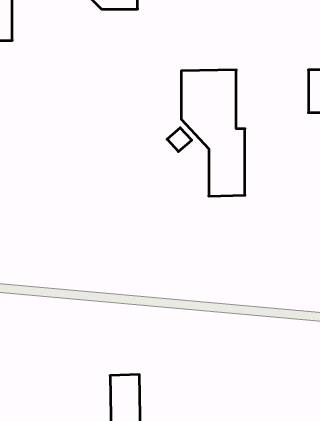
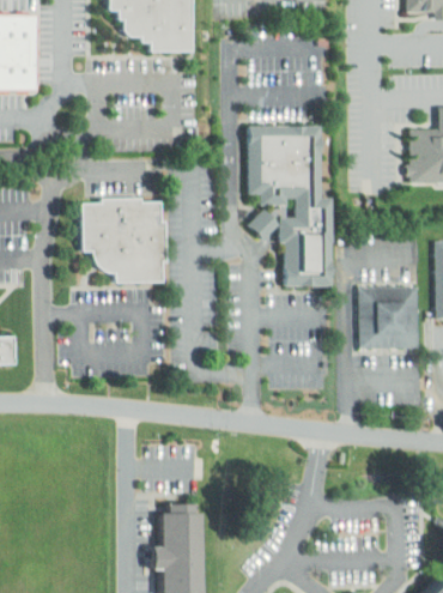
building: none -> [81,205,159,283]
building: none -> [359,288,418,349]

